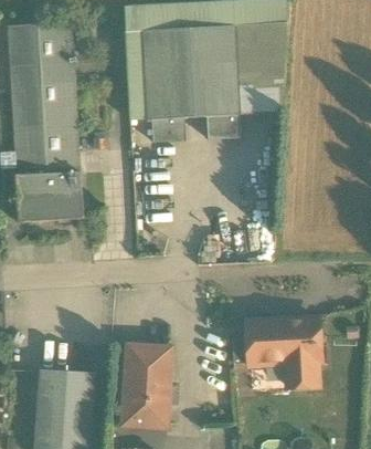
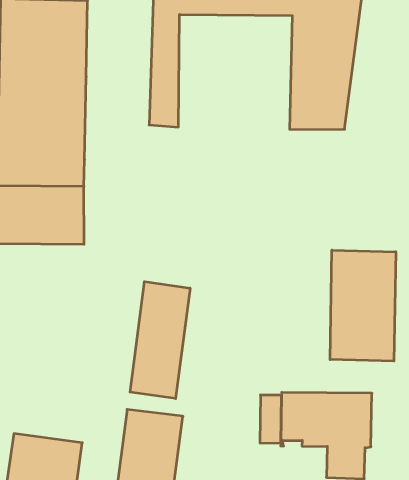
building: [147,25,241,142] -> none
building: none -> [330,250,396,361]
building: none -> [130,282,190,399]

